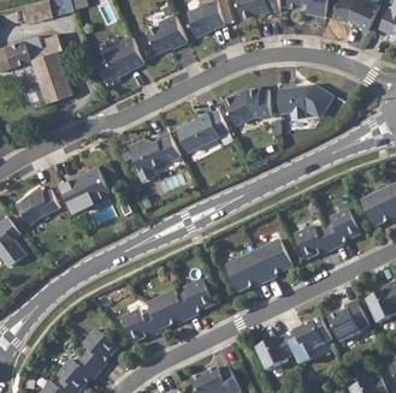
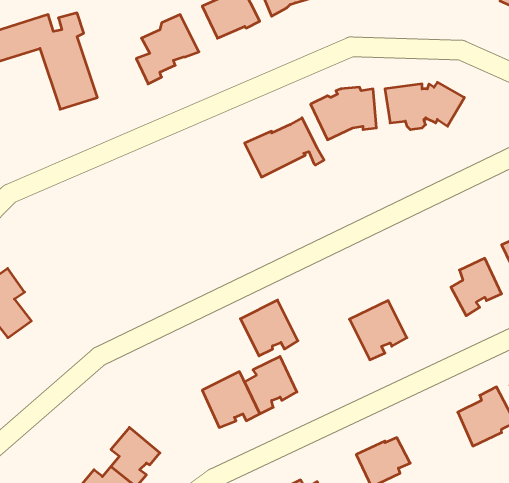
building: [129,132,181,180] -> none
building: [59,166,110,209] -> none
building: [16,189,60,224] -> none
building: [294,226,335,260] -> none
building: [225,252,266,292] -> [240,300,298,356]
building: [120,310,161,344] -> none
building: [285,321,324,355] -> none

